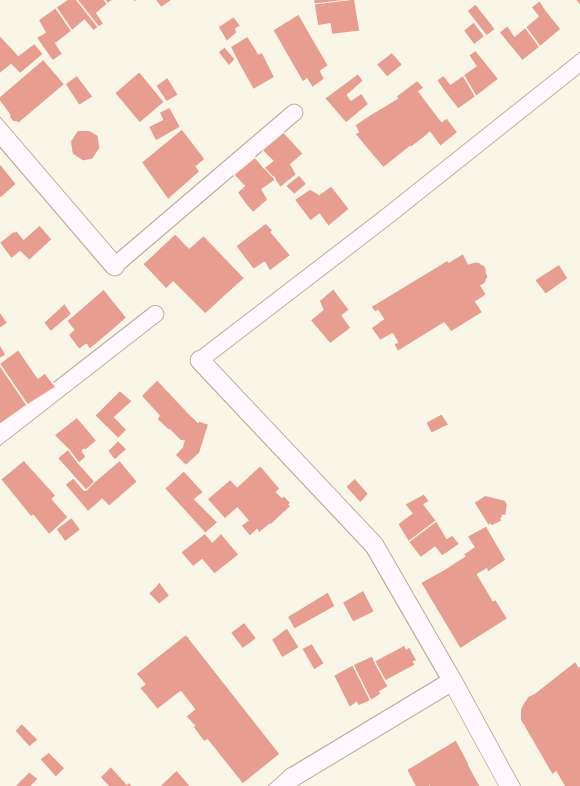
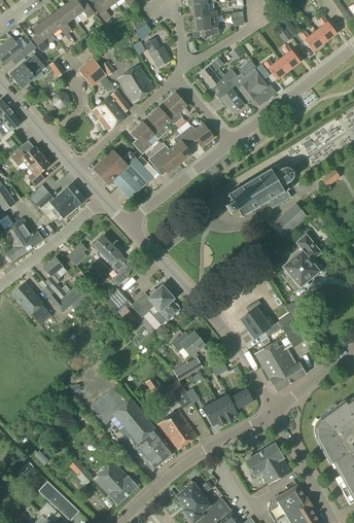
building: [273,14,328,88] -> none
building: none -> [117,65,153,102]
building: none -> [131,121,153,154]
building: none -> [27,154,50,186]
building: [310,289,351,344] -> [168,132,191,164]
building: none -> [271,203,307,238]
building: none -> [283,235,320,291]
building: [180,533,239,574] -> [170,332,204,355]
building: none -> [155,410,198,451]

